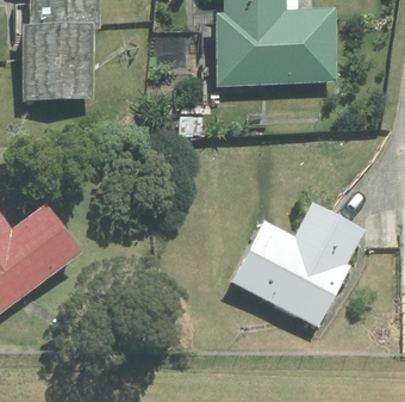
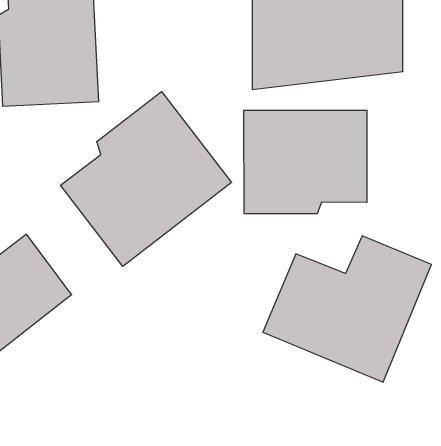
building: none -> [61,92,232,266]
building: none -> [244,110,367,214]

